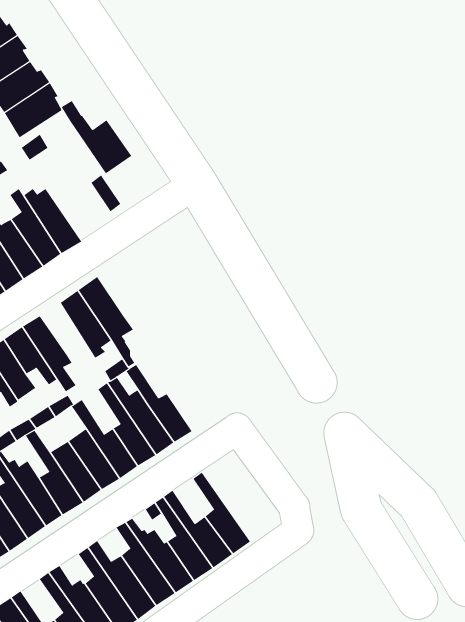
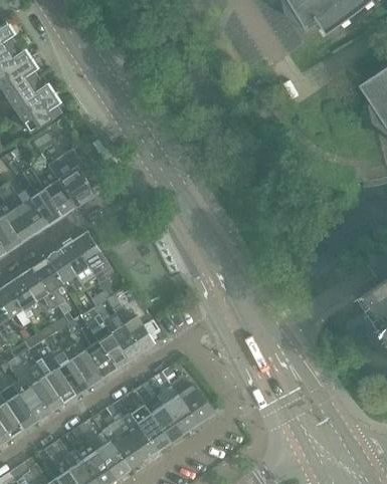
building: [61,100,132,174] -> [42,154,93,207]
building: none -> [44,251,83,297]
building: none -> [161,368,213,423]

